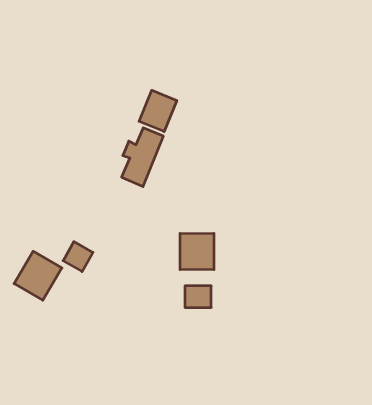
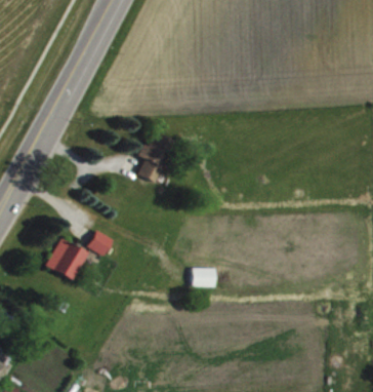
building: [139,90,177,132] -> none
building: [180,233,214,270] -> none

